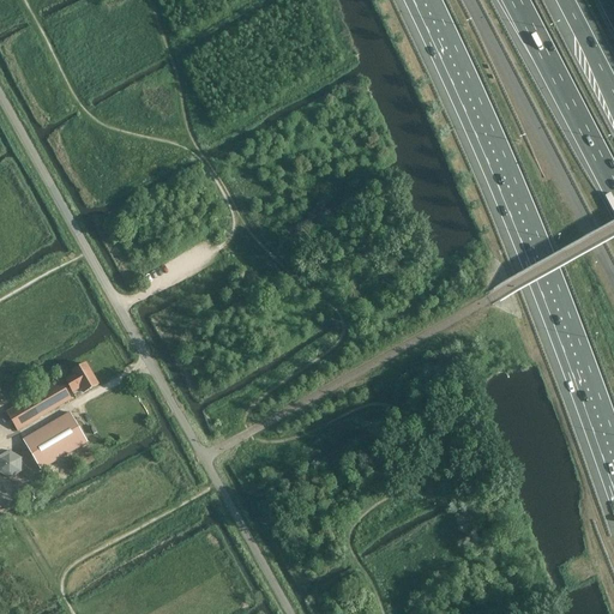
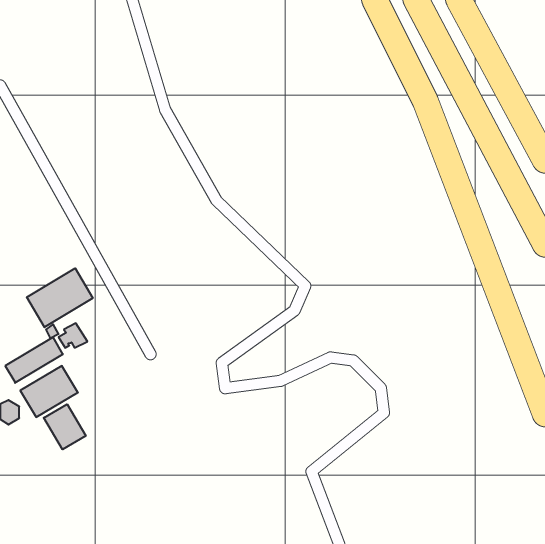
building: none -> [27,268,93,327]
building: none -> [44,404,86,449]

